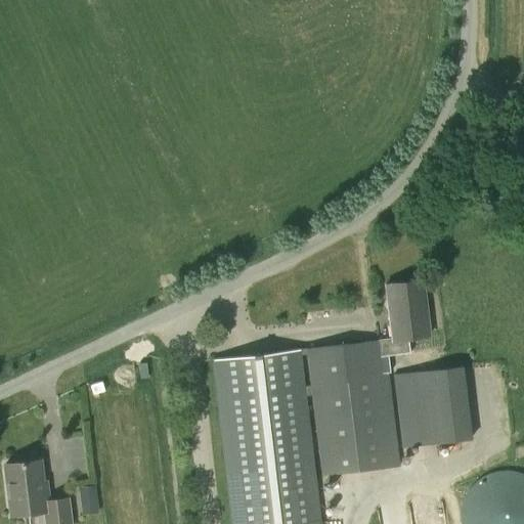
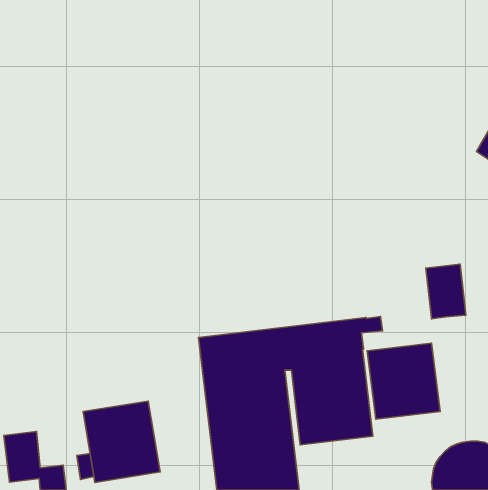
building: [387,281,430,340] -> [426,264,466,319]
building: none -> [83,401,160,482]

